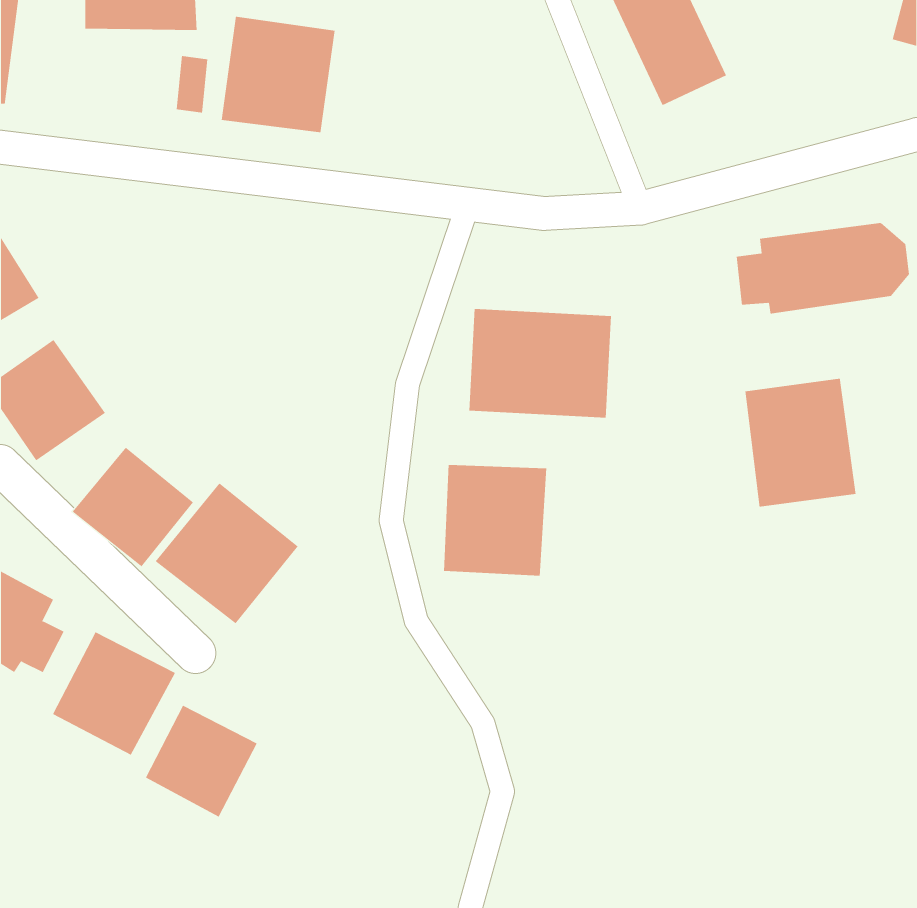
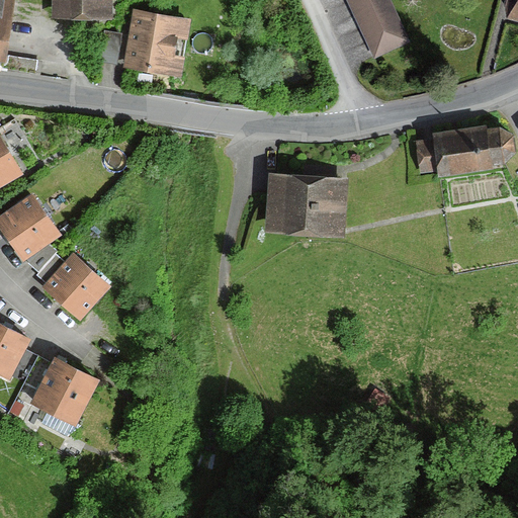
building: [745,378,856,507] -> none
building: [443,464,547,577] -> none
building: [155,482,298,624] -> none
building: [145,705,258,818] -> none

